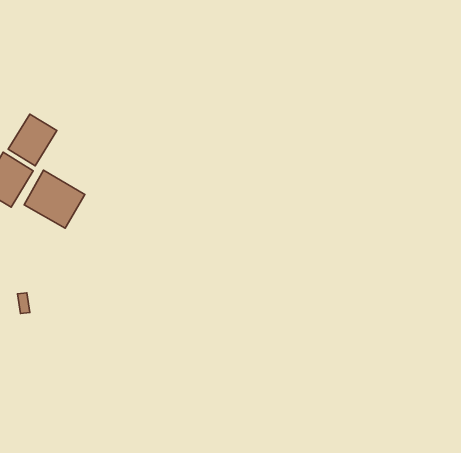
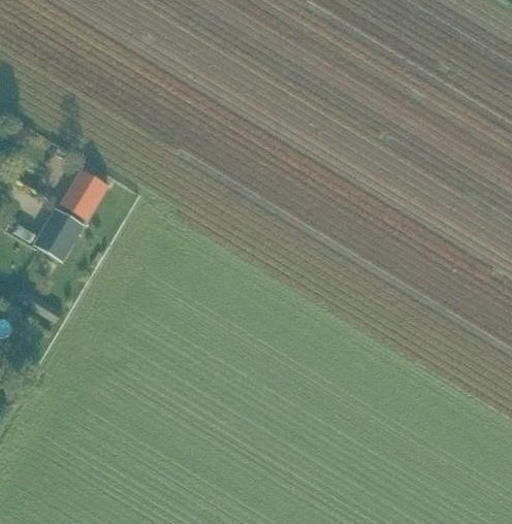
building: [24,170,85,228] -> none

